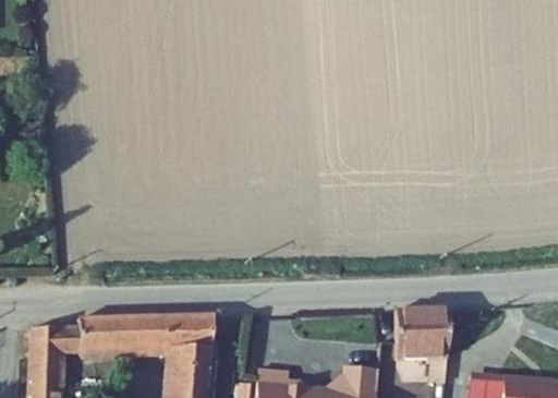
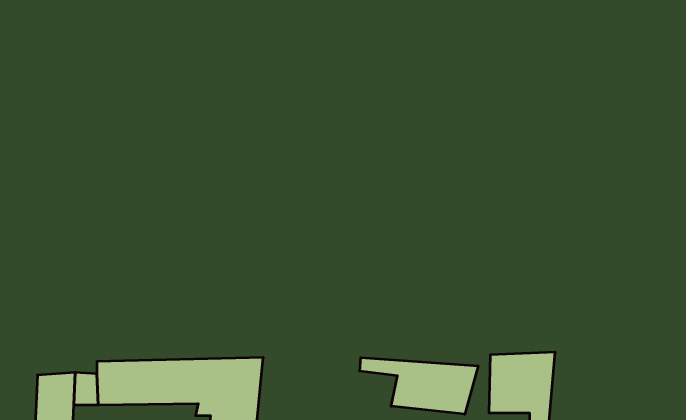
building: none -> [360,358,478,414]

